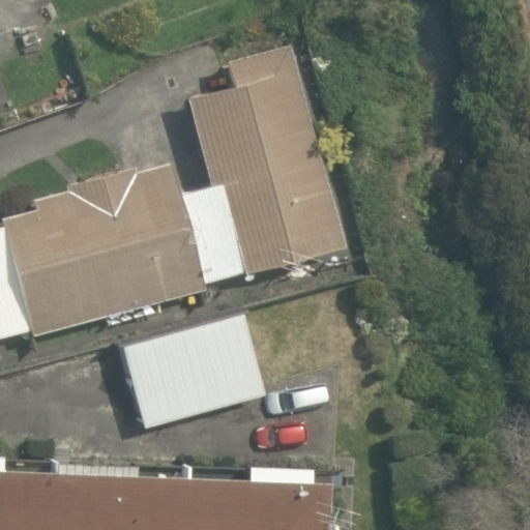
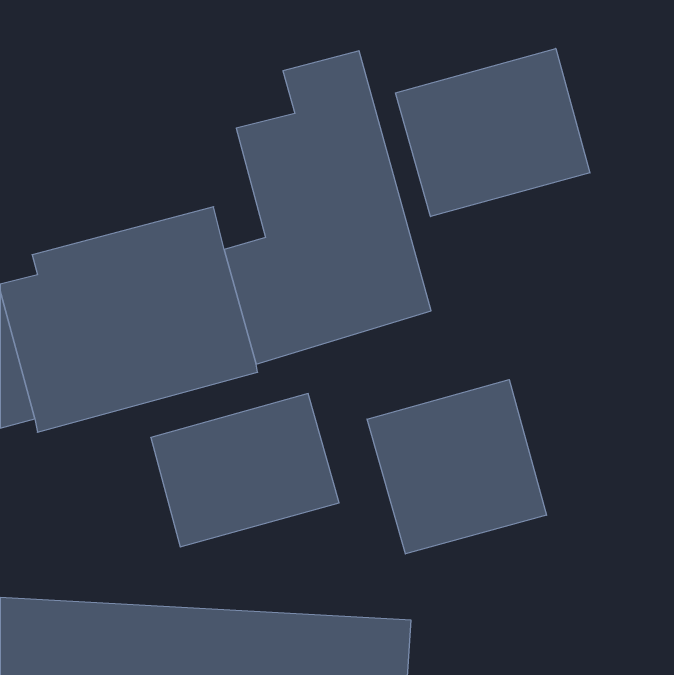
building: none -> [395,48,590,217]
building: none -> [367,380,547,554]

